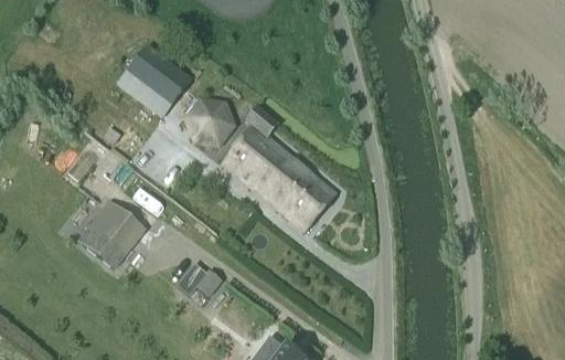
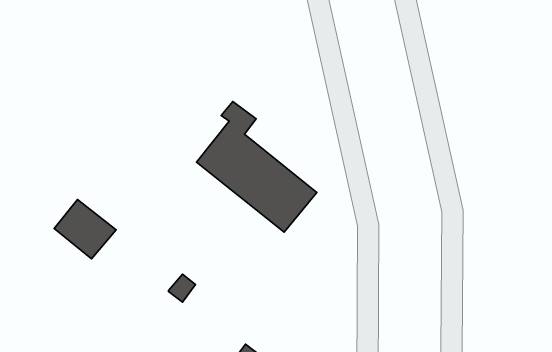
building: [120,47,189,115] -> none
building: [183,98,233,145] -> none

